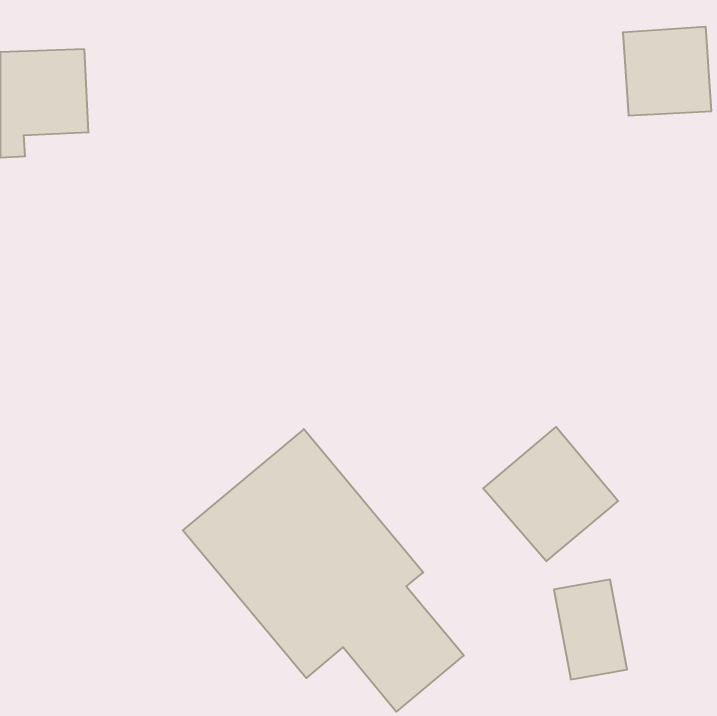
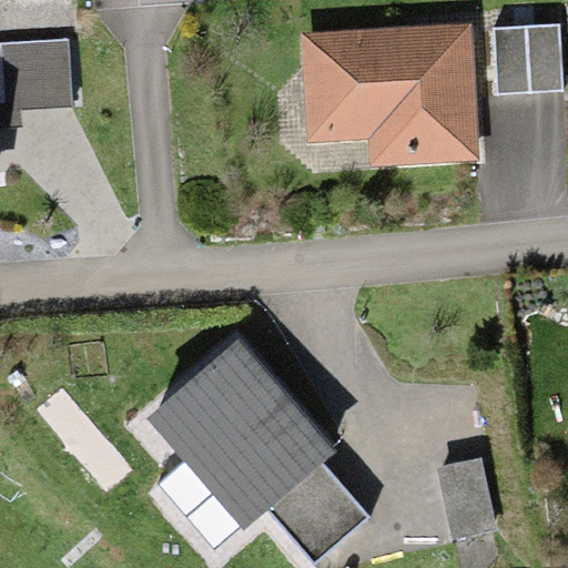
building: none -> [302,24,479,163]
building: [483,427,618,561] -> none

